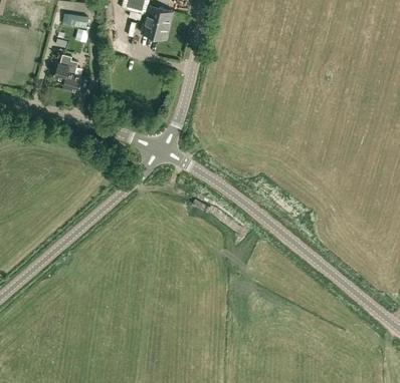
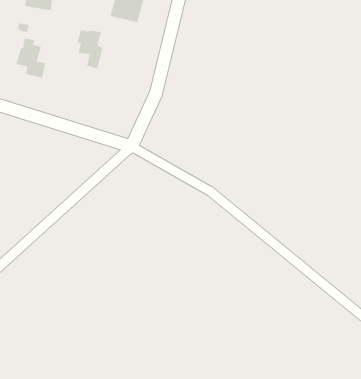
building: none -> [77,29,103,69]

